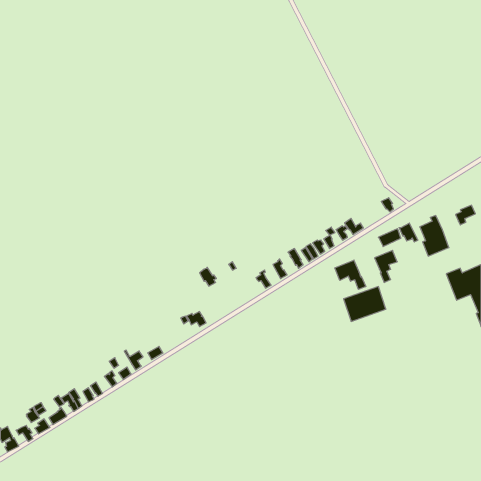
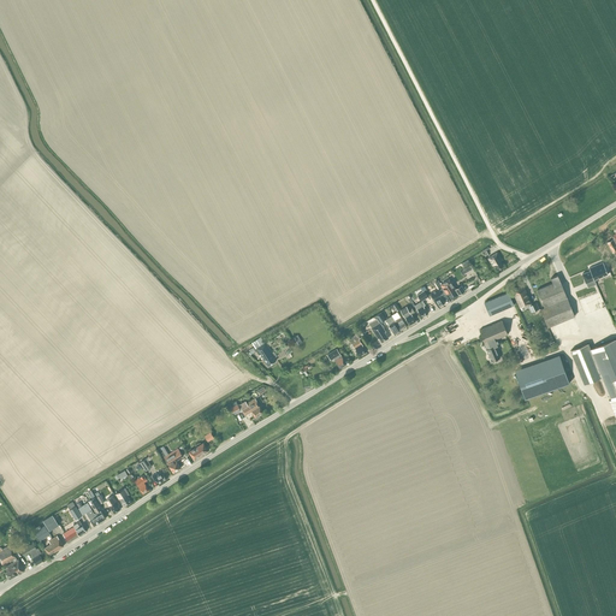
building: [335,260,366,289] -> none
building: [344,287,386,321] -> [515,355,569,399]

